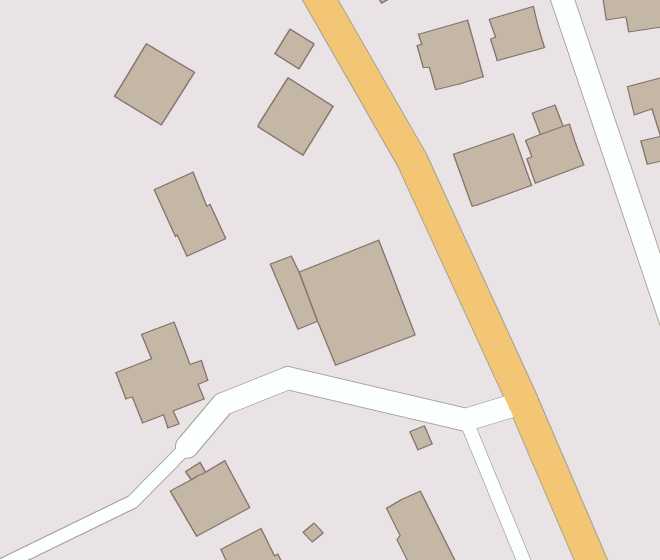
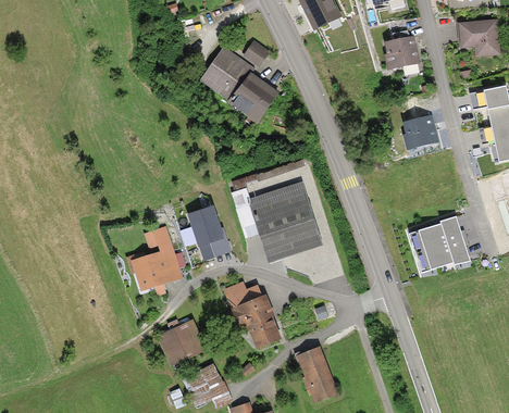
building: [417,20,483,90] -> none
building: [114,44,195,125] -> [200,47,253,100]
building: [454,134,532,206] -> none
building: [154,172,226,256] -> [186,205,231,260]
building: none -> [408,216,470,274]
building: none -> [223,281,280,348]

